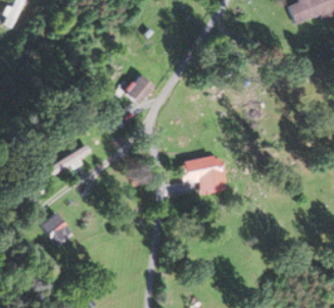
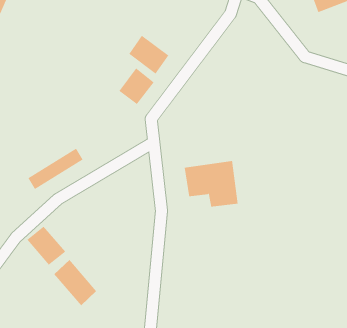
building: none -> [129,35,169,74]
building: none -> [54,259,97,306]

